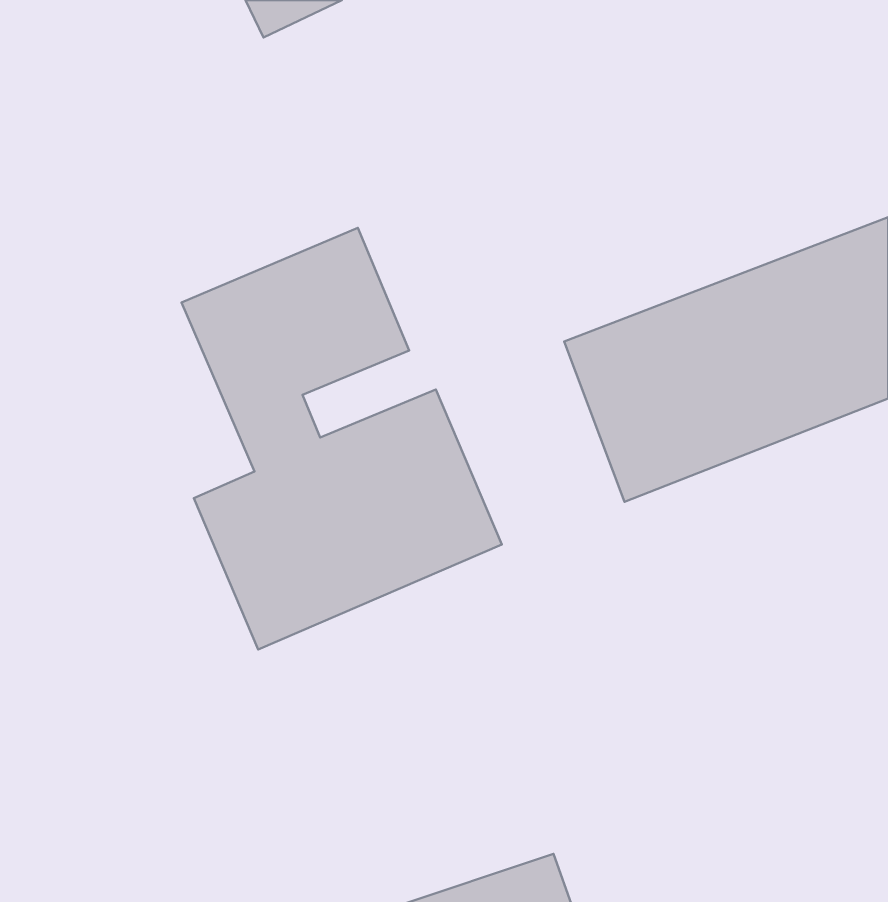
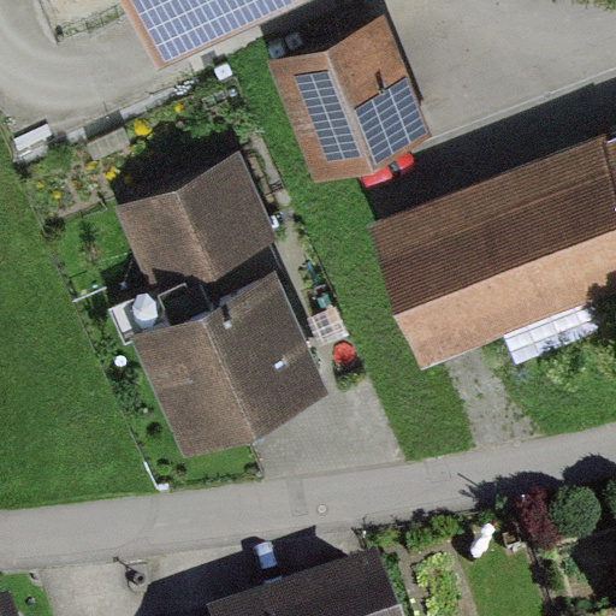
building: none -> [280,20,430,171]

